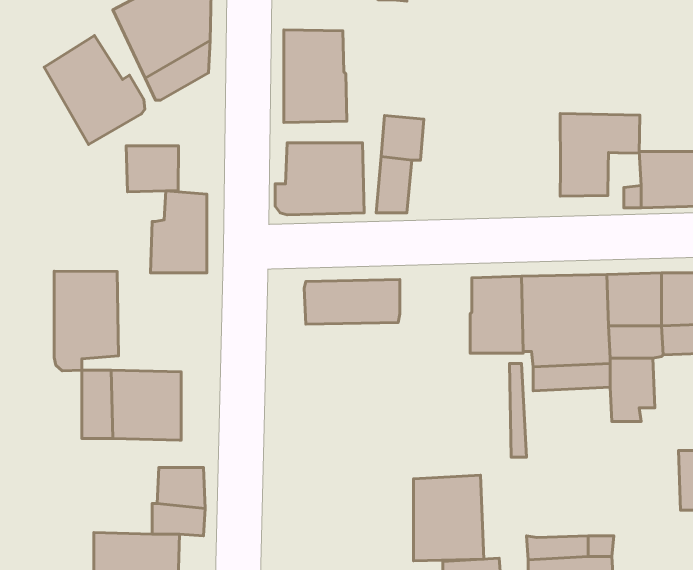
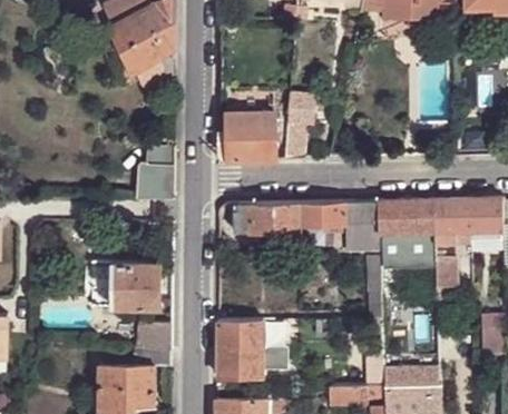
building: [284,30,347,122] -> none
building: [44,36,145,144] -> none
building: [560,113,640,196] -> none
building: [126,146,178,192] -> none
building: [54,271,119,371] -> none
building: none -> [299,203,345,226]
building: [414,475,484,561] -> [215,322,261,377]

